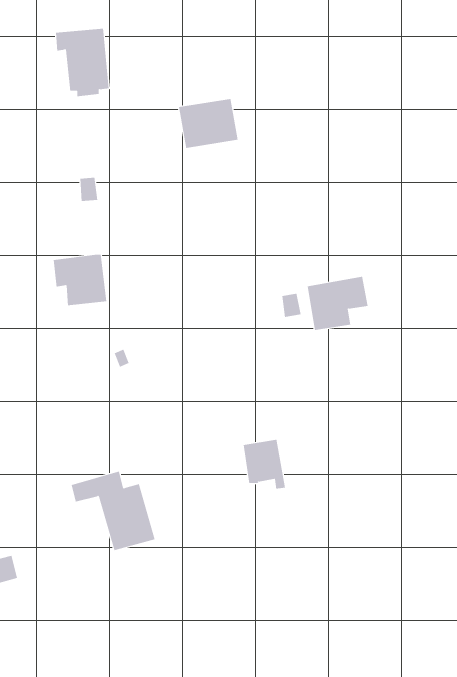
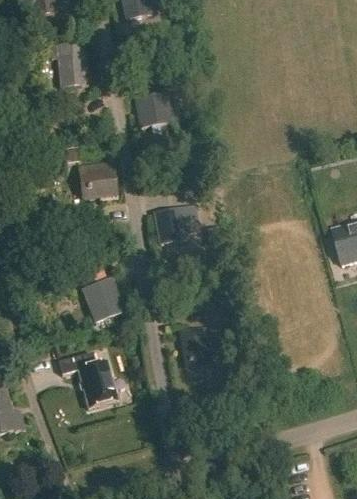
building: [53,254,107,306] -> [78,161,116,197]
building: [307,276,368,331] -> [155,205,198,243]
building: none -> [82,277,122,321]

